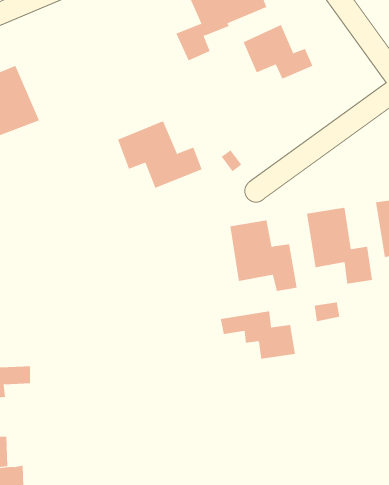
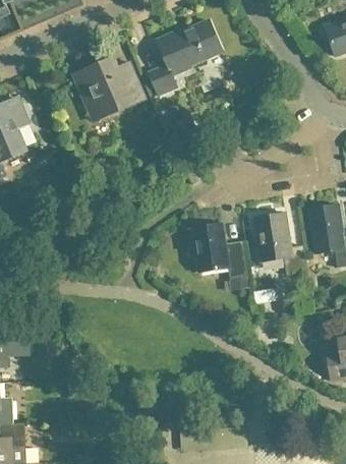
building: [243,24,313,80] -> none
building: [117,120,203,188] -> [74,58,143,113]
building: [220,310,295,360] -> none

